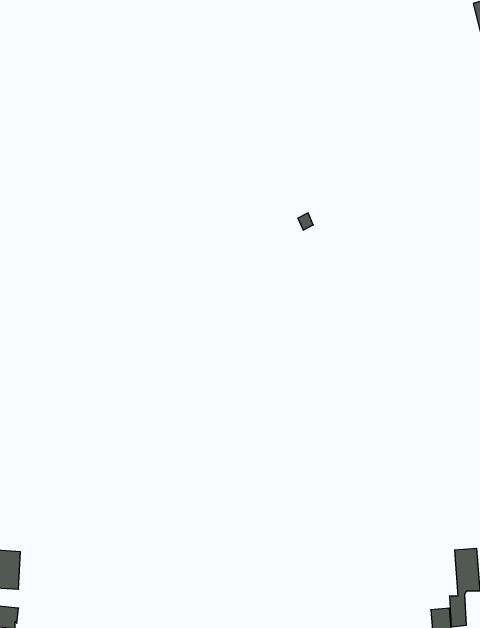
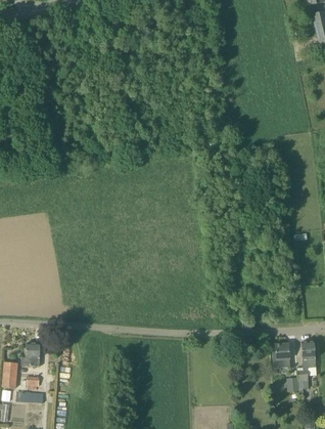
building: none -> [273,343,290,368]

